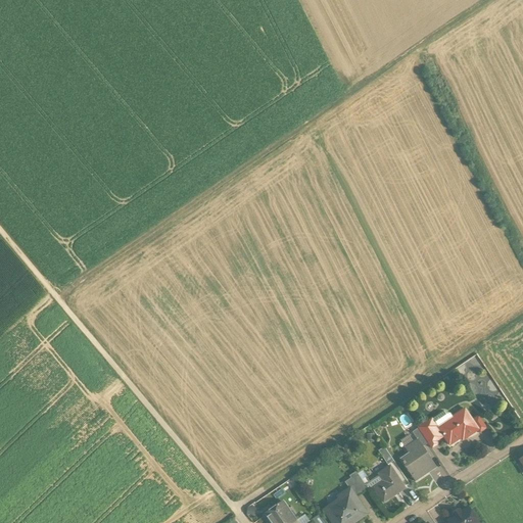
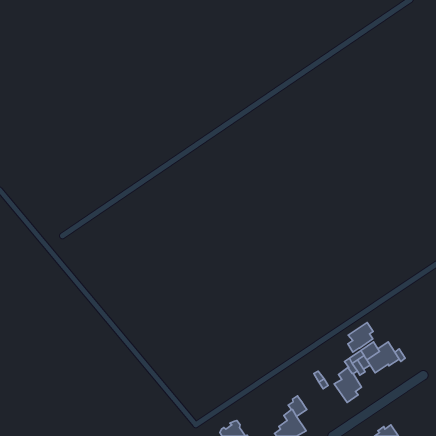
building: none -> [348,322,373,352]
building: [364,466,402,503] -> none

